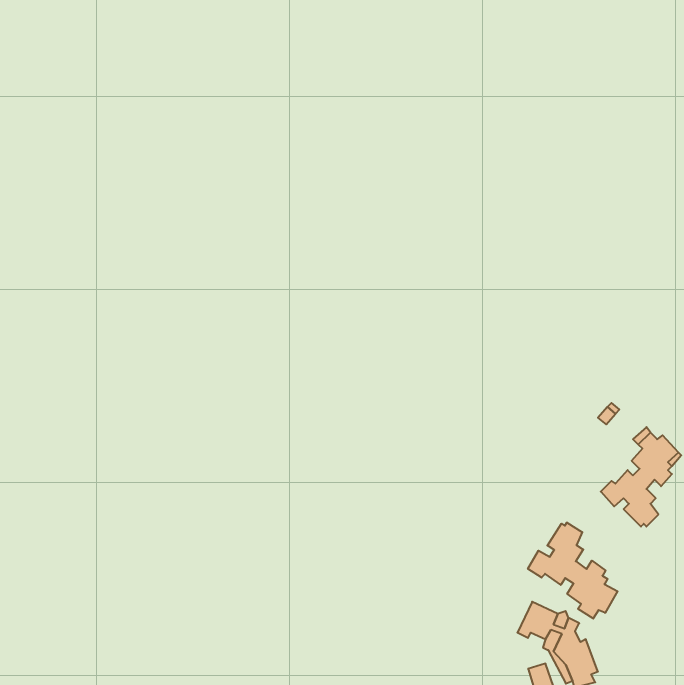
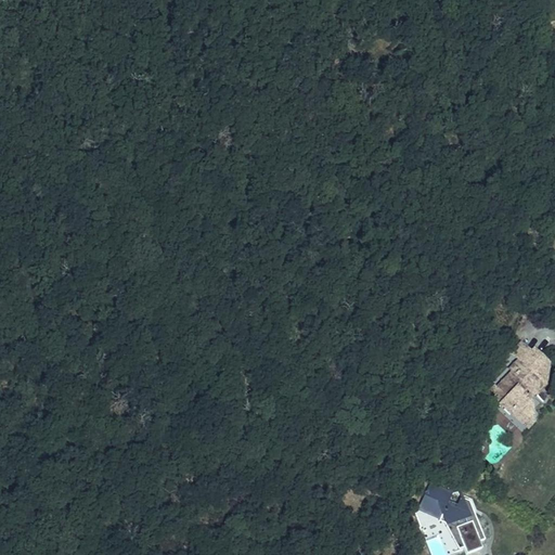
building: [528,522,618,619] -> none

